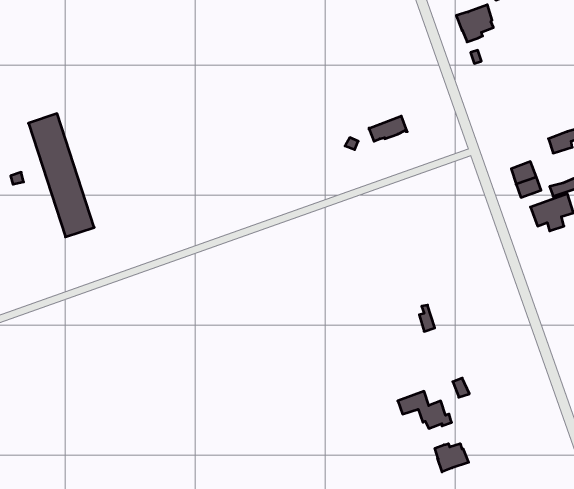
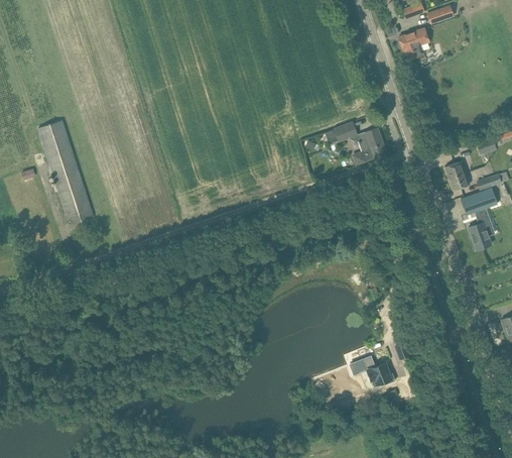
building: none -> [353,128,386,164]
building: none -> [468,222,493,250]
building: [435,444,469,472] -> none

